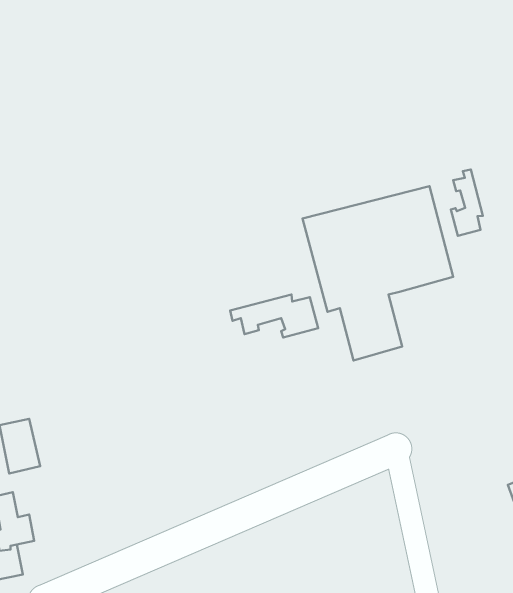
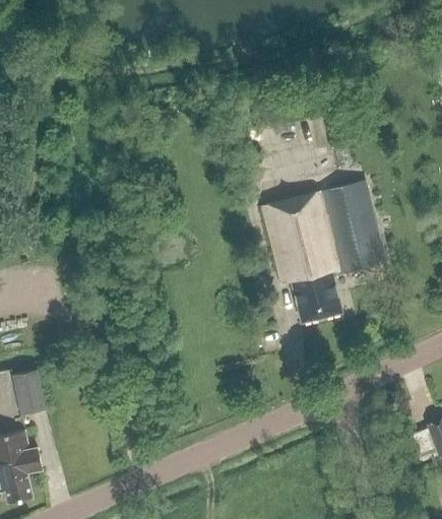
building: [451,169,483,236] -> none
building: [230,294,318,338] -> none

